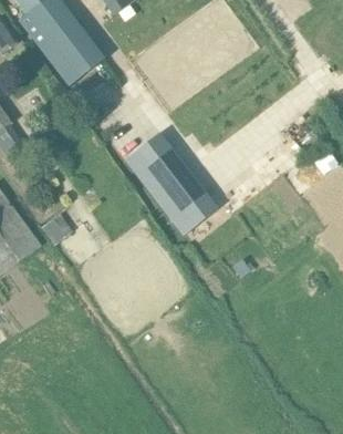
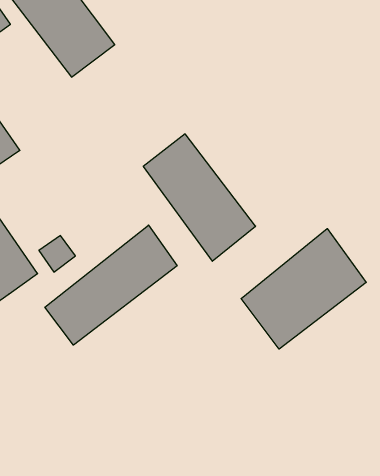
building: none -> [45,225,177,345]
building: none -> [241,229,366,349]

